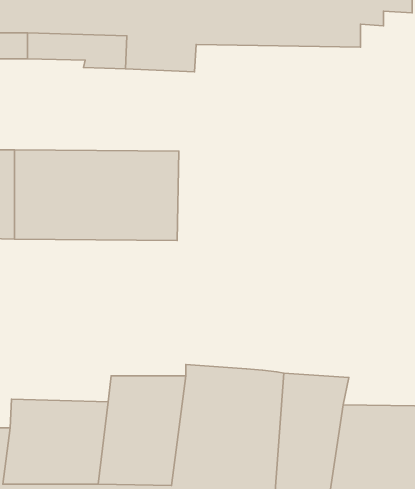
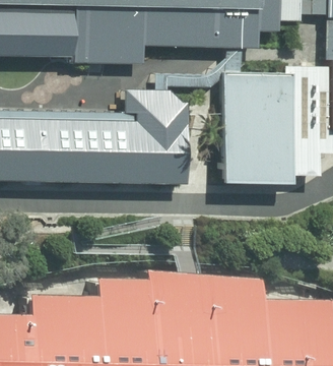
building: none -> [223,73,296,190]
building: none -> [135,89,187,183]

